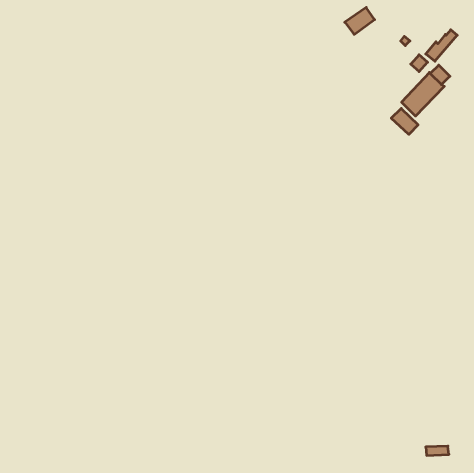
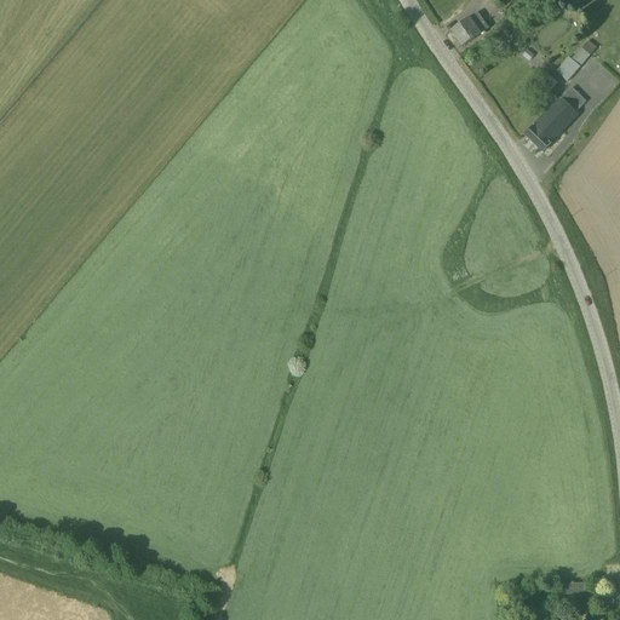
building: [391,108,418,134] -> none

